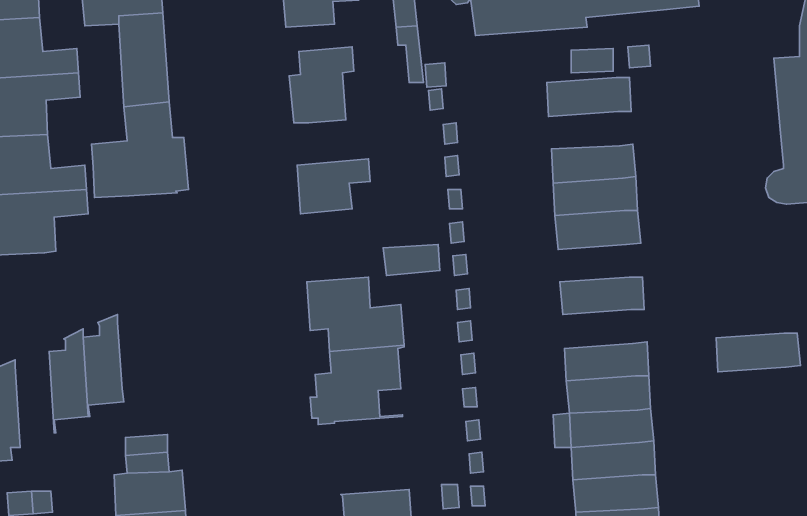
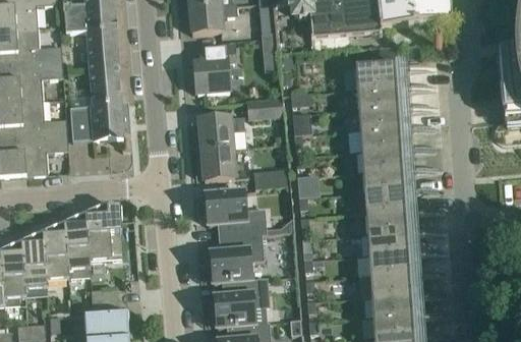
building: none -> [356,86,409,109]
building: none -> [247,99,283,117]
building: none -> [200,147,249,180]
building: none -> [362,168,415,192]
building: none -> [85,204,123,260]
building: [716,333,800,372] -> [365,210,418,234]
building: none -> [21,232,46,296]
building: none -> [211,278,269,328]

